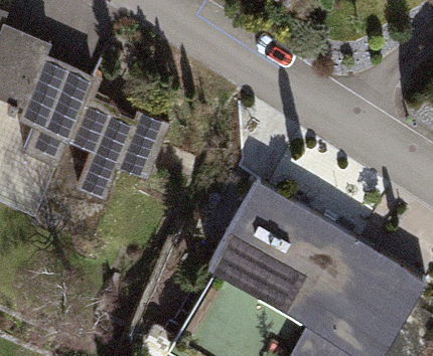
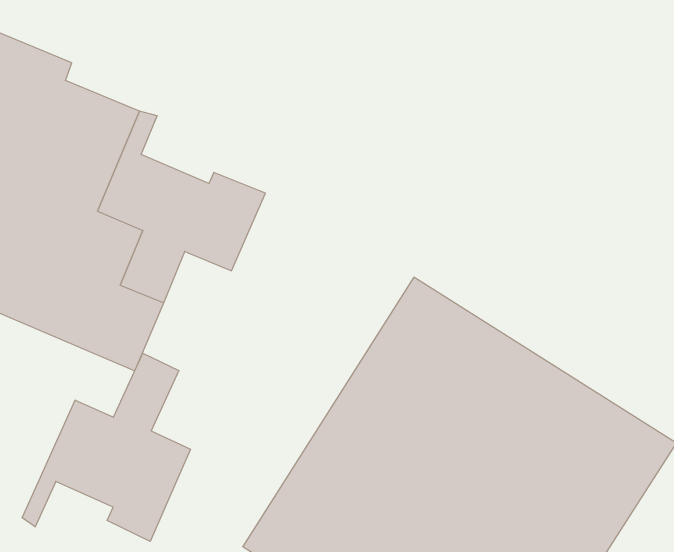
building: none -> [22,353,190,541]

